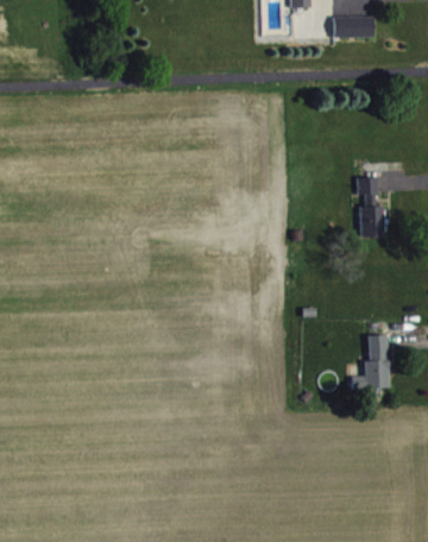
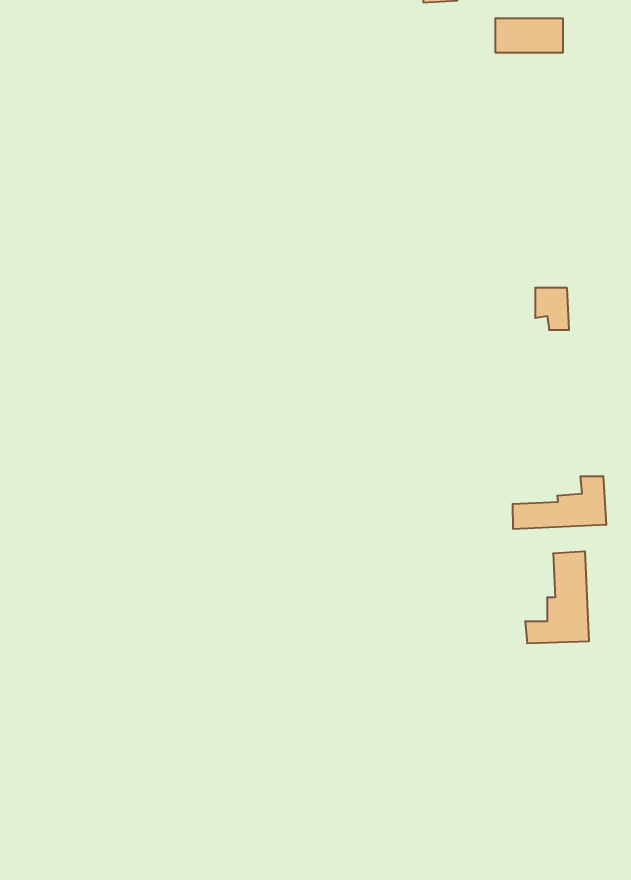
building: [360,206,384,237] -> none
building: none -> [513,476,606,529]

